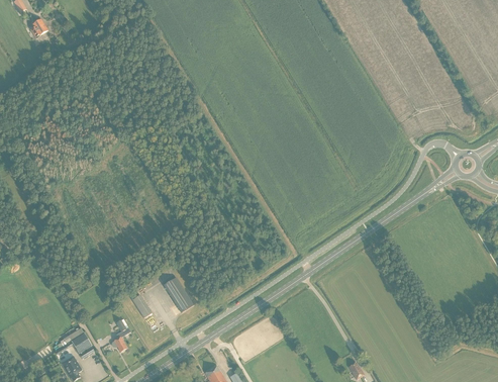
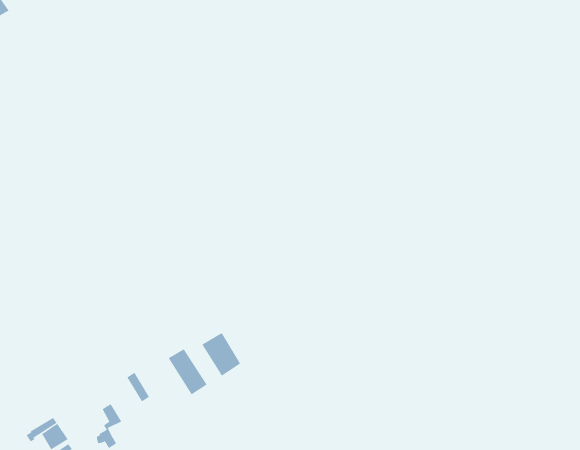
building: none -> [202,332,241,376]

